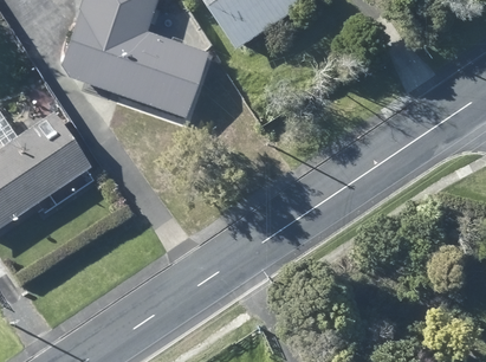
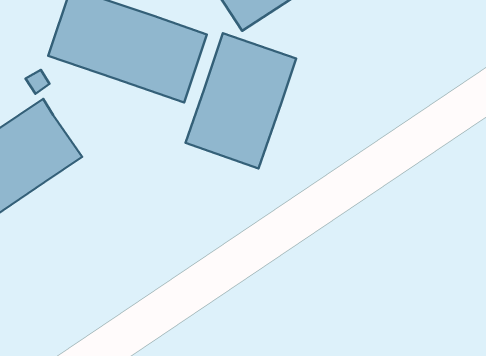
building: none -> [185,33,296,169]

